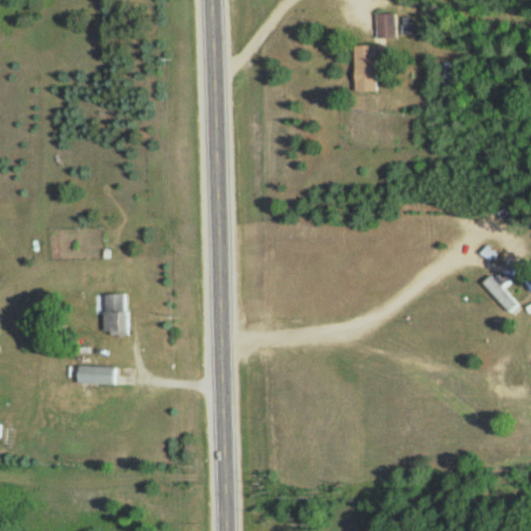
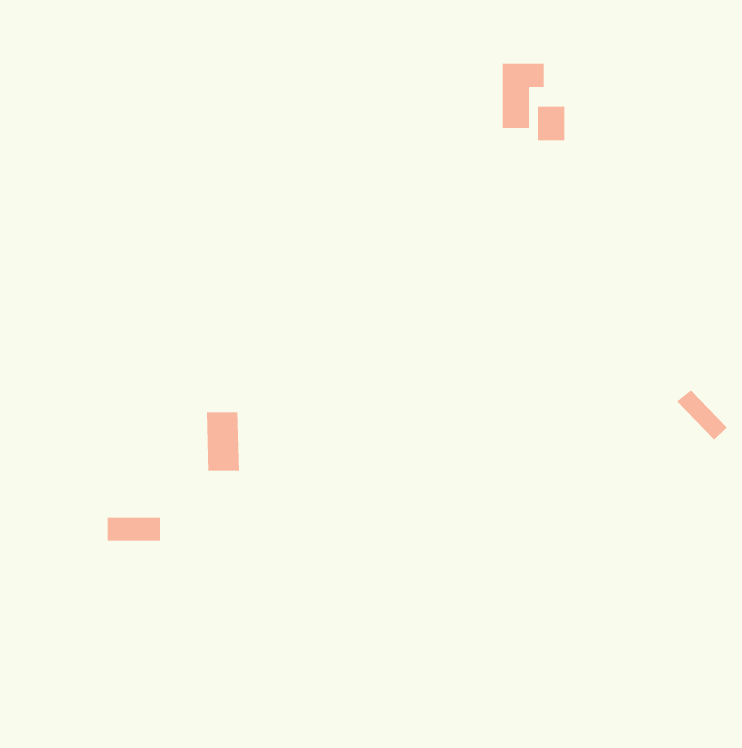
building: [376,13,396,38] -> [537,106,565,141]
building: [103,292,127,335] -> [206,411,240,471]

